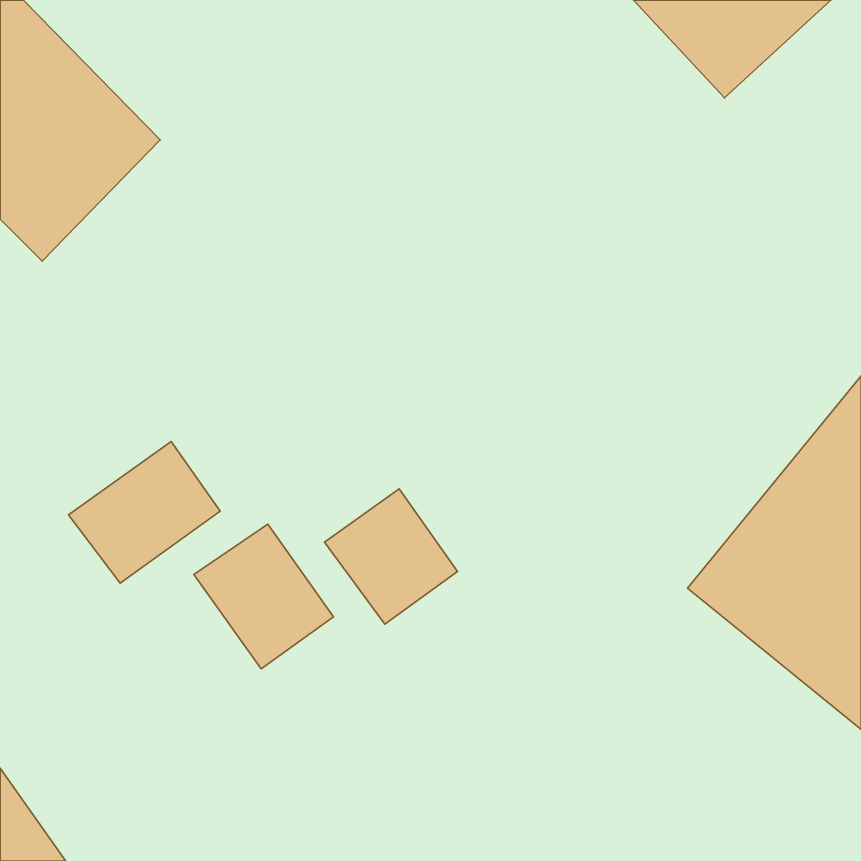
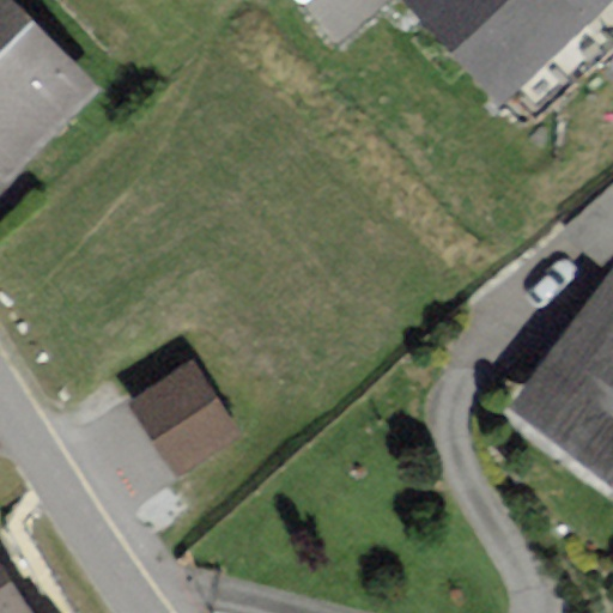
building: [68,441,220,583] -> none
building: [324,489,458,624] -> none

